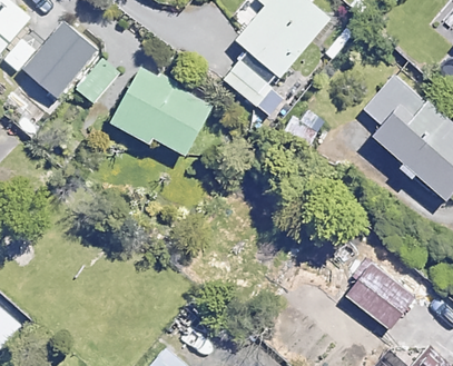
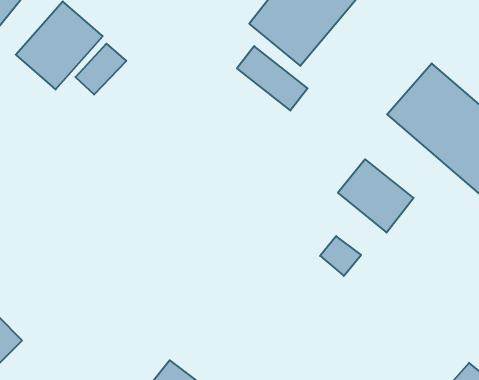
building: [110,67,213,155] -> none
building: [346,261,414,327] -> [338,159,414,233]

